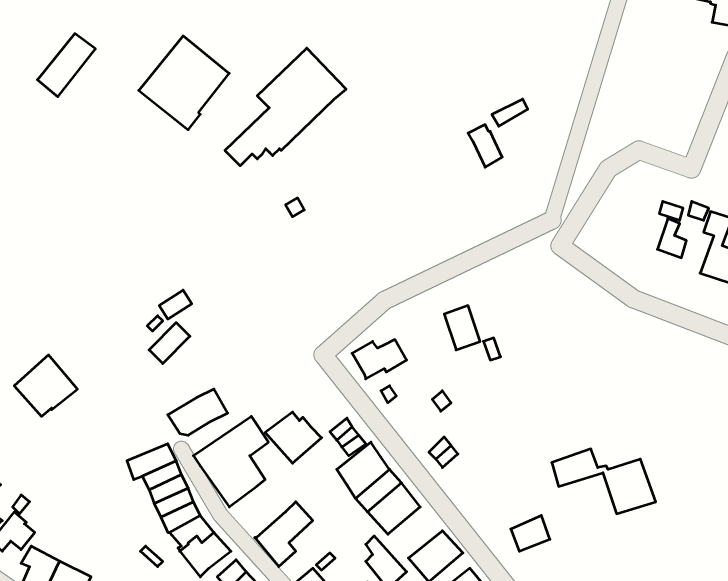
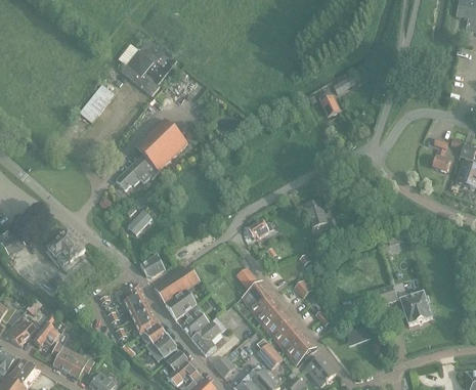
building: [37,34,95,97] -> [79,83,114,121]
building: [225,48,346,166] -> [116,118,188,188]
building: [265,412,322,463] -> [175,308,209,339]
building: none -> [270,320,303,351]

